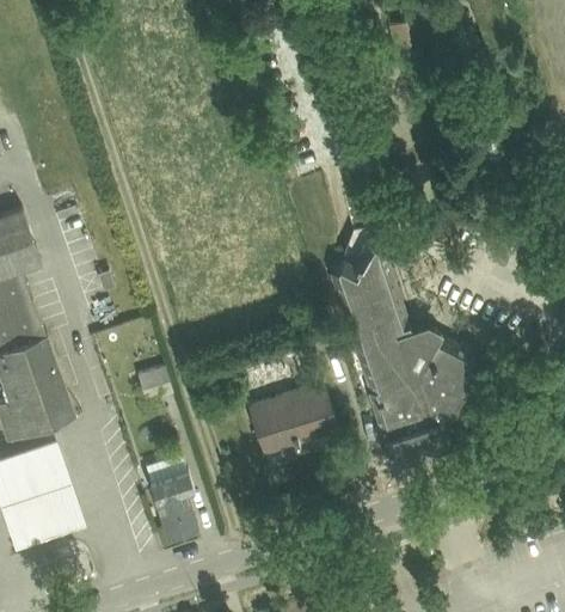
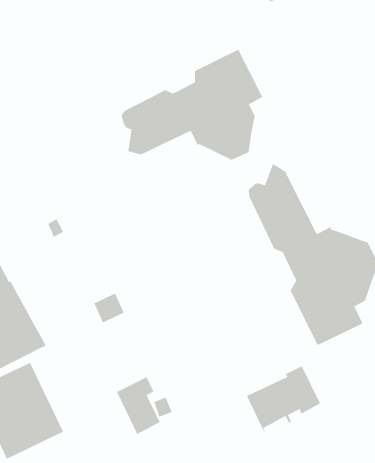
building: none -> [121,49,263,161]
building: [250,381,336,453] -> [246,365,321,432]

